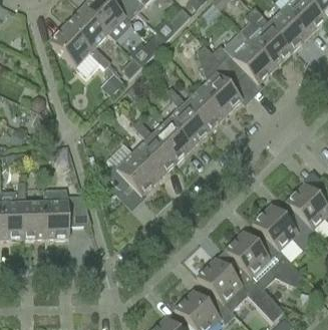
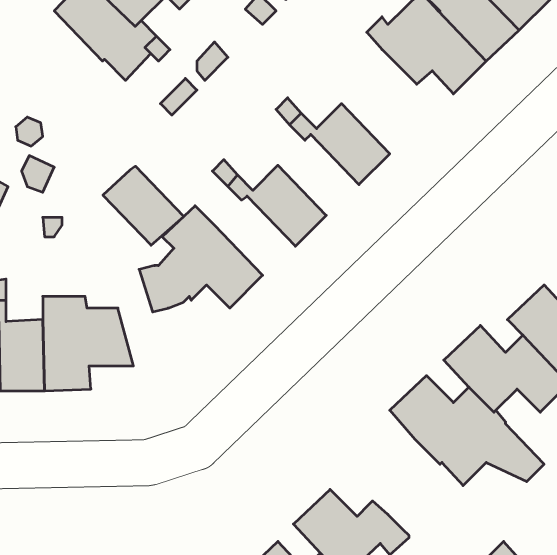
building: [197,44,242,115] -> none
building: [167,105,209,147] -> none
building: [133,137,176,179] -> [103,166,184,245]
building: [197,258,284,320] -> none

